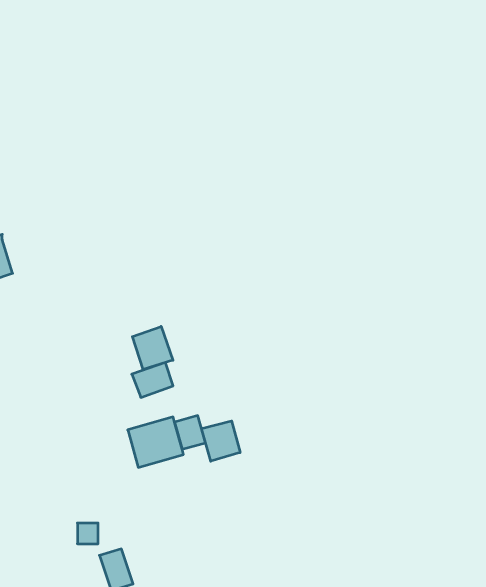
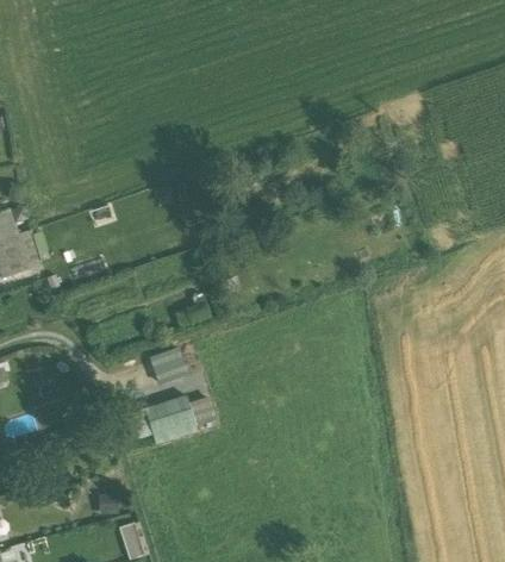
building: [132,326,173,369] -> none
building: [201,421,240,461] -> none

